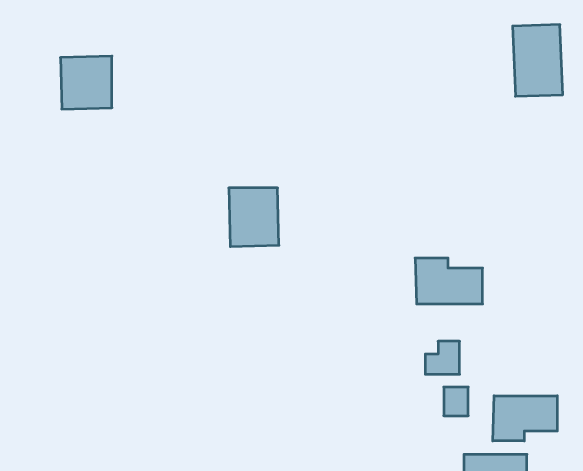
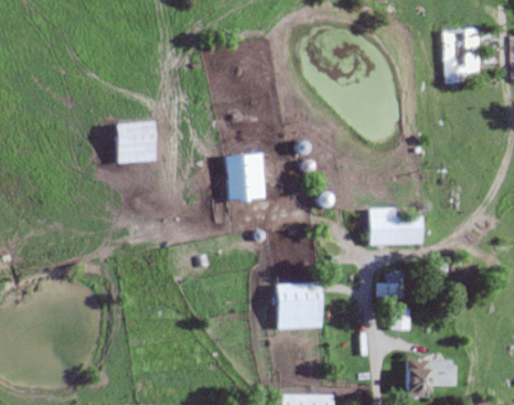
building: [60,56,112,109] -> [116,121,156,162]
building: none -> [276,283,322,329]
building: [493,396,557,441] -> none

